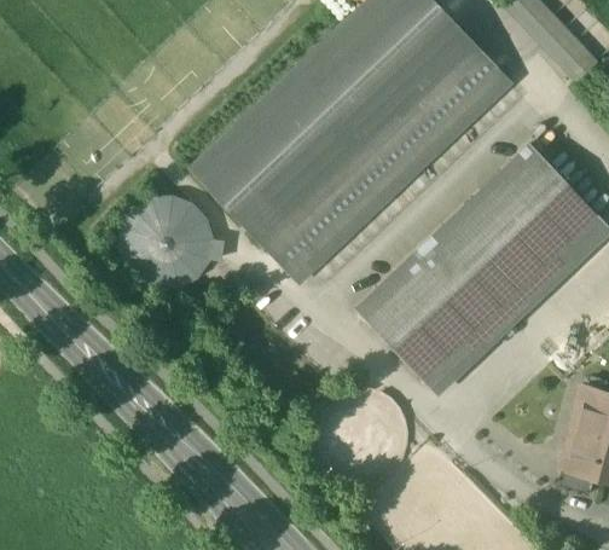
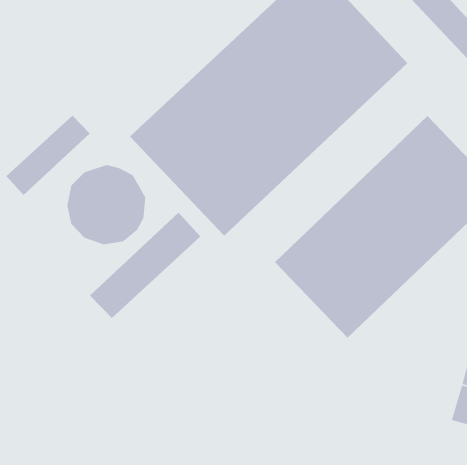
building: none -> [6,115,91,196]
building: none -> [89,212,201,319]

